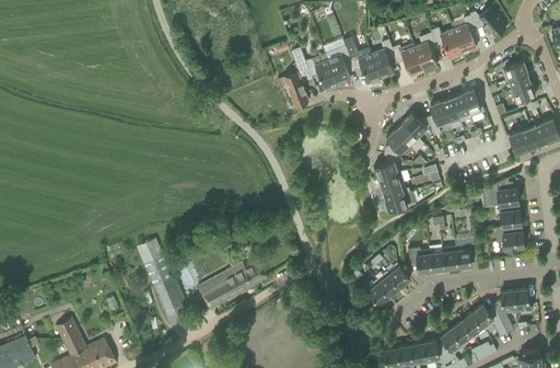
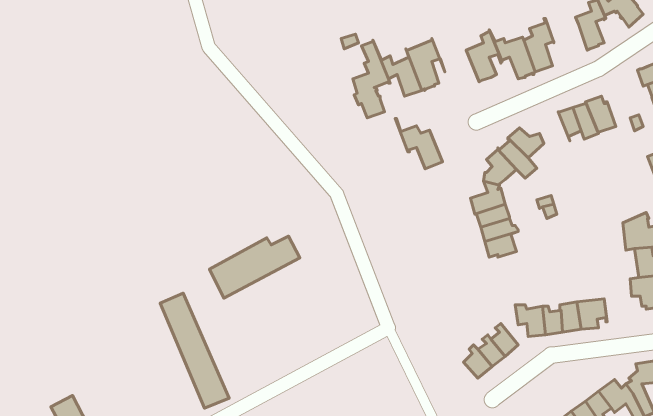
building: [431,27,463,58] -> none
building: [345,45,381,83] -> [395,119,442,169]
building: [427,101,450,136] -> none
building: [199,261,268,308] -> [209,236,300,298]

